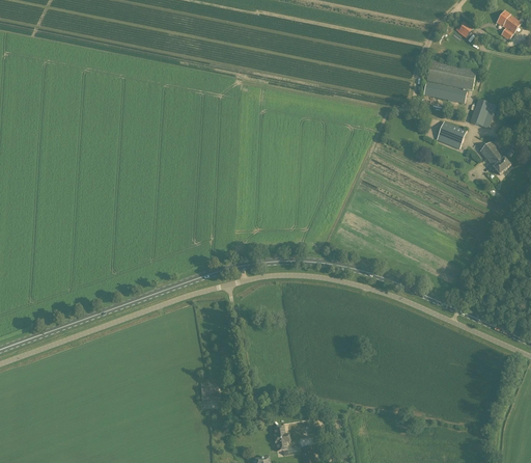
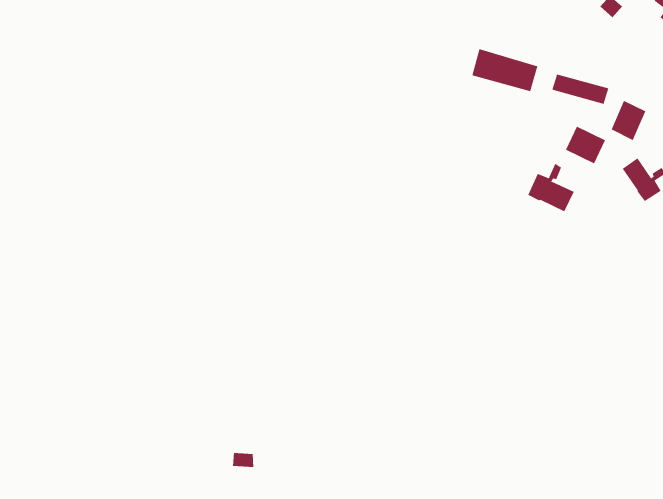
building: [426,59,476,89] -> [471,48,538,92]
building: none -> [528,163,575,212]

